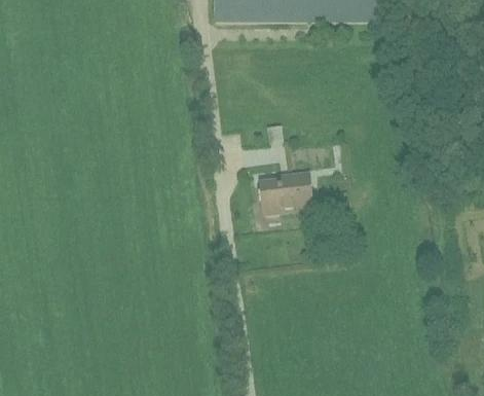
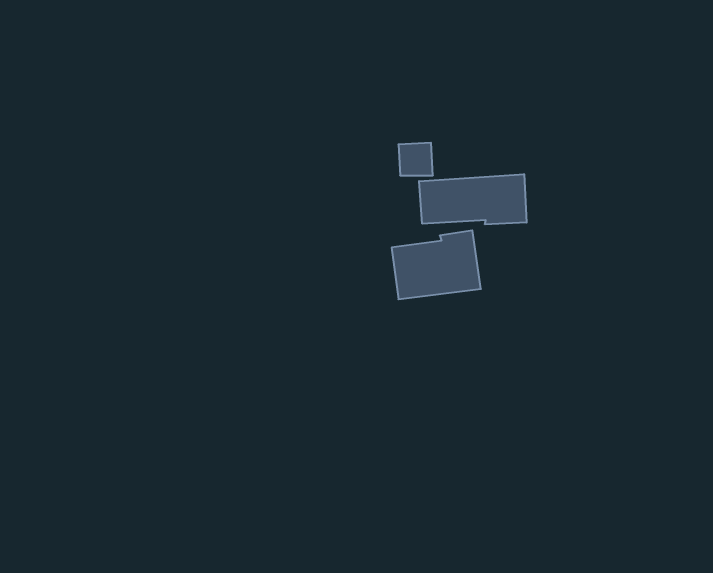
building: none -> [419,174,527,224]

